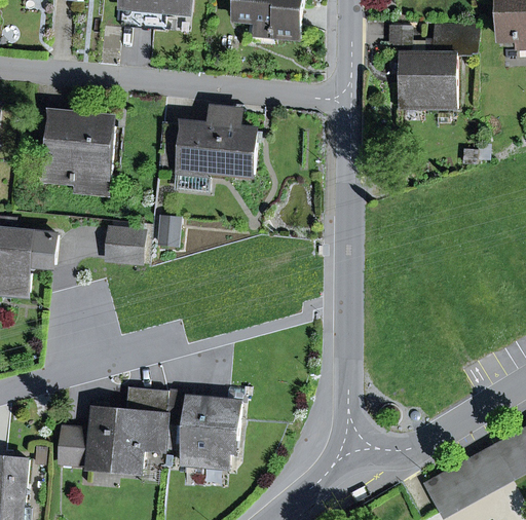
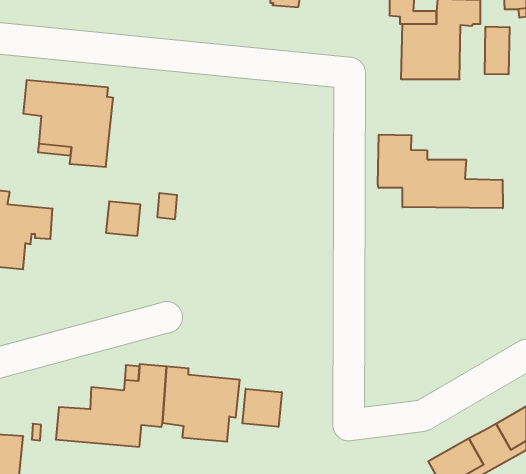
building: none -> [485,27,509,74]
building: [156,109,257,190] -> none
building: none -> [378,135,503,208]
building: none -> [242,389,282,427]

